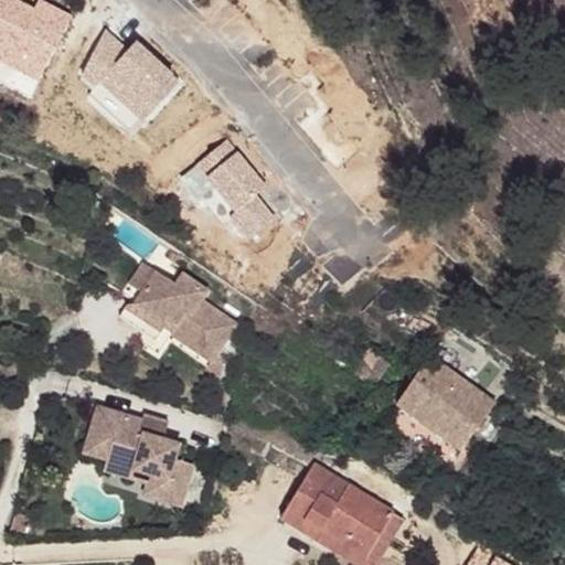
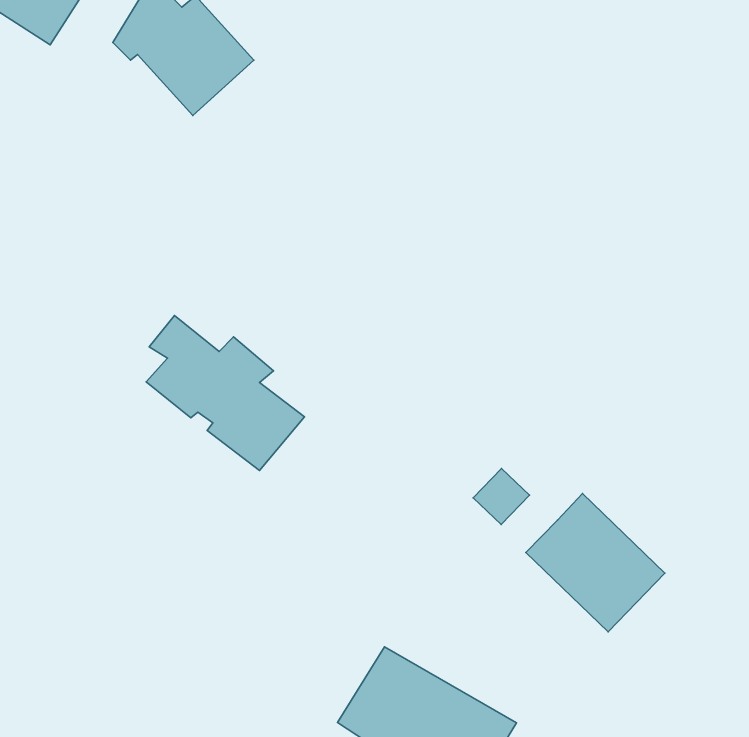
building: [196,139,276,236] -> none
building: [81,402,195,508] -> none

